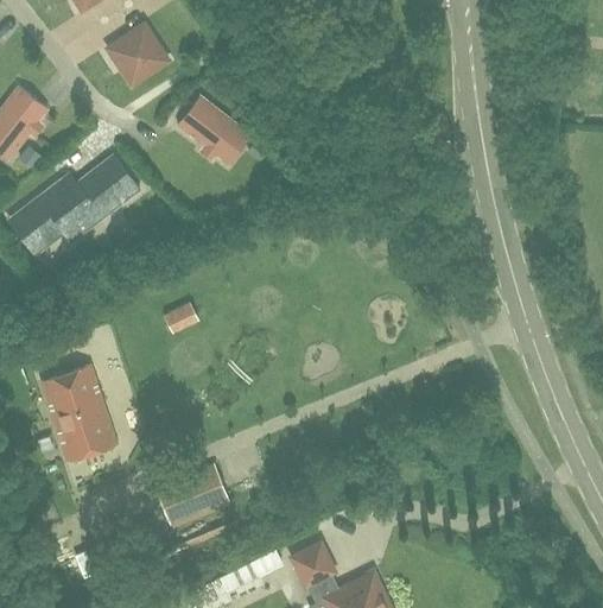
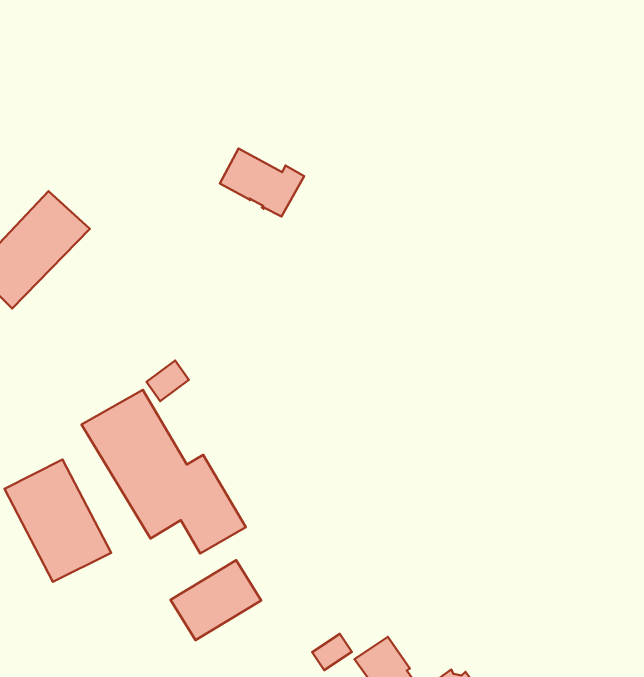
building: [113,26,164,81] -> none
building: [183,104,249,163] -> [220,148,304,216]
building: none -> [82,390,246,554]

